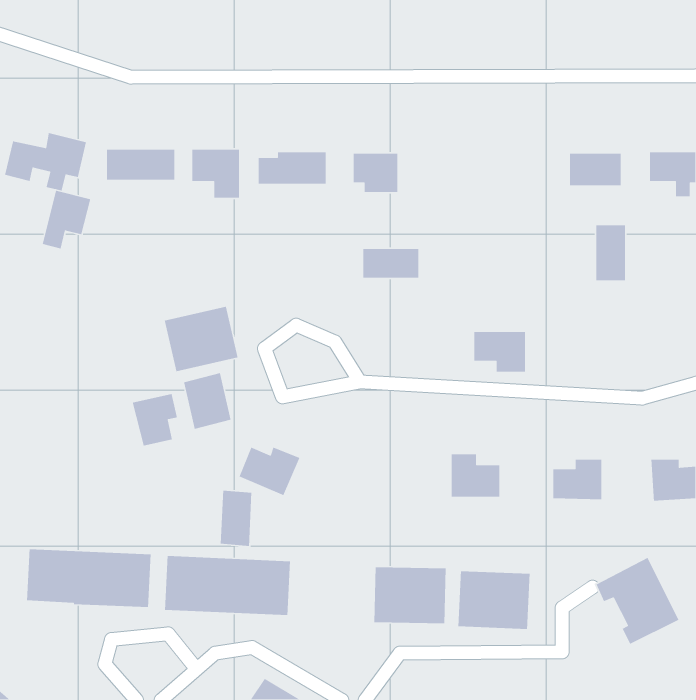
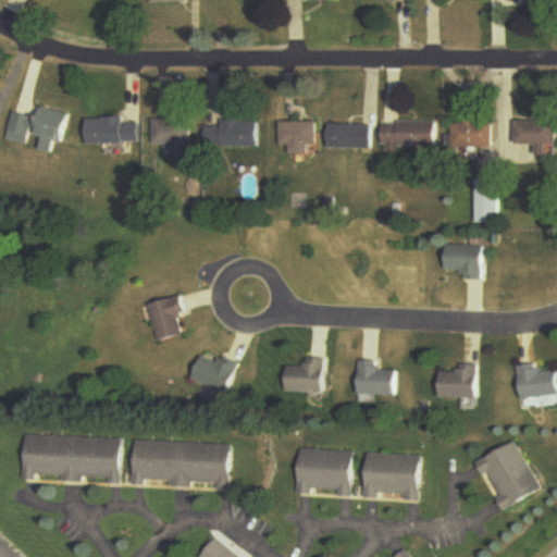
building: none -> [380,122,436,150]
building: [42,190,91,249] -> none
building: [363,248,419,278] -> [326,124,371,148]
building: [164,306,239,372] -> none
building: [474,331,526,372] -> [441,244,482,276]
building: [132,393,178,446] -> none
building: none -> [283,360,323,389]
building: [220,490,252,547] -> none

